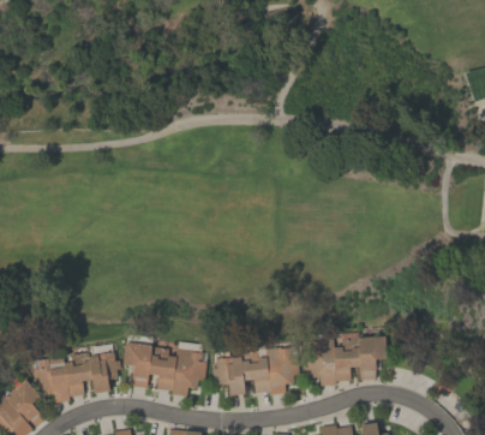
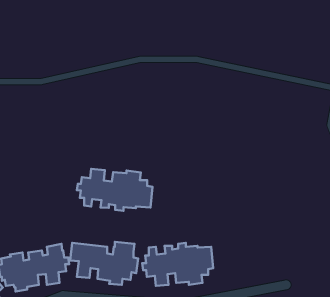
building: none -> [77,169,152,211]
building: [303,336,387,385] -> none

